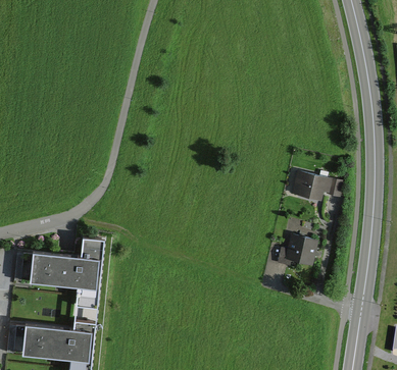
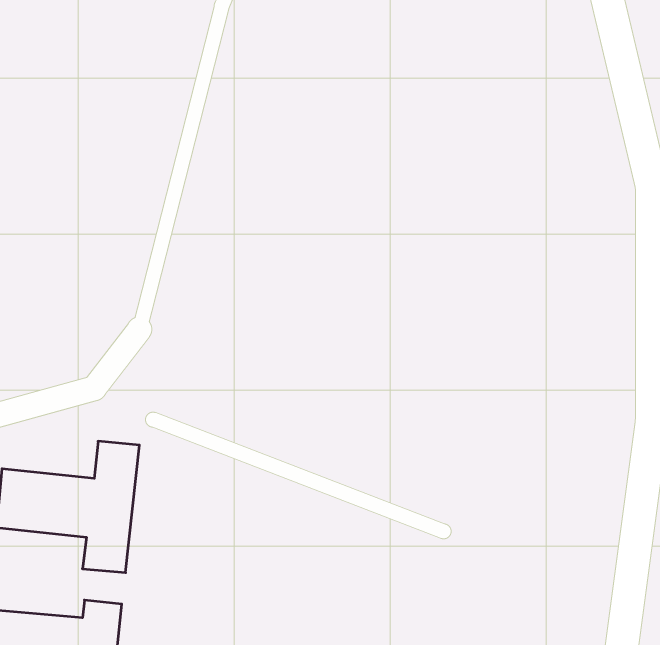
building: [290,169,344,201] -> none
building: [276,233,316,266] -> none

